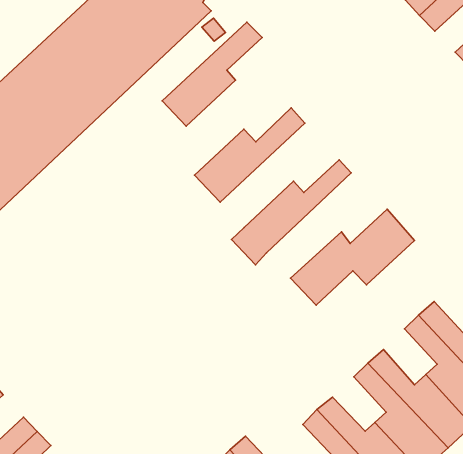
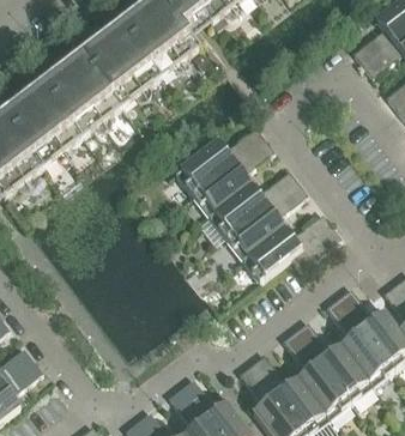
building: [162,22,262,126] -> [192,139,274,216]
building: none -> [224,181,307,259]

